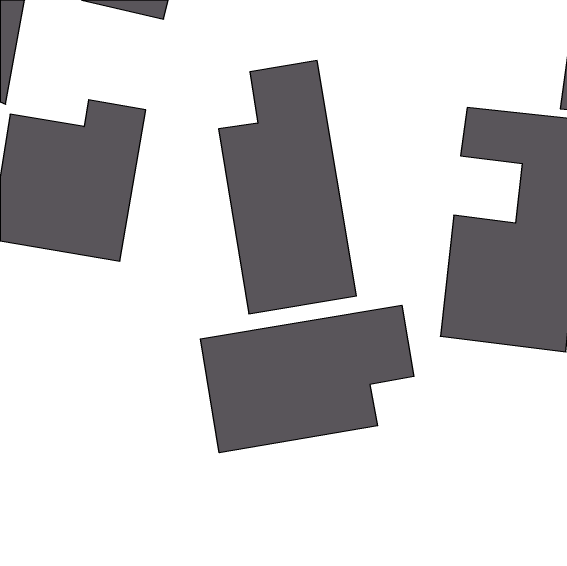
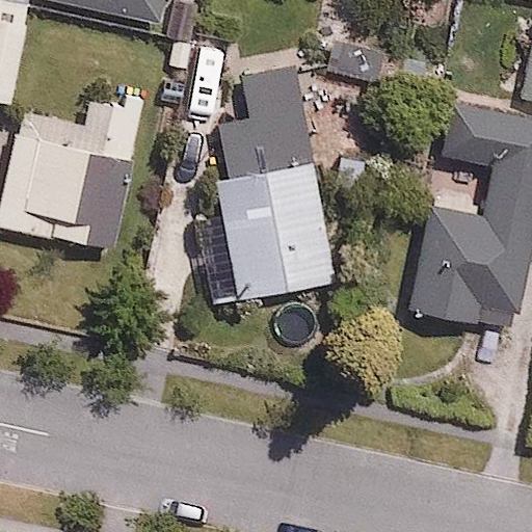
building: [200,305,414,453] -> none

